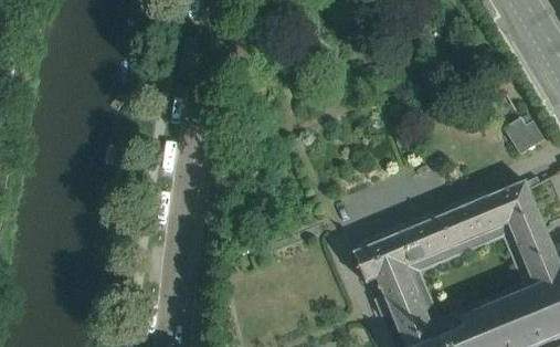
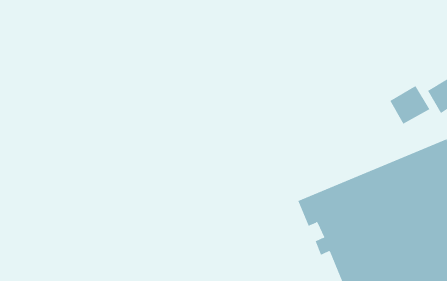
building: none -> [389,85,430,124]

